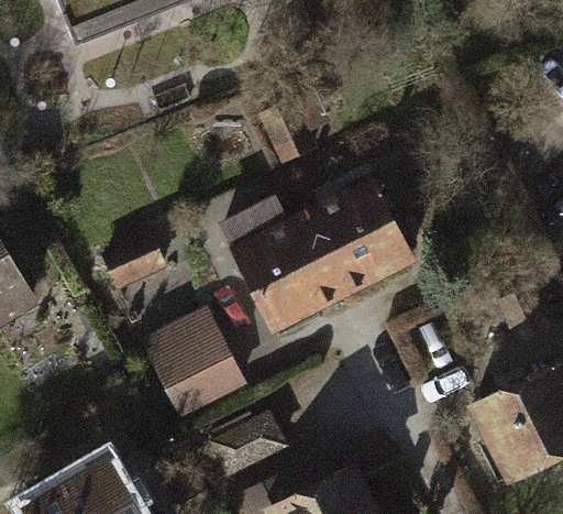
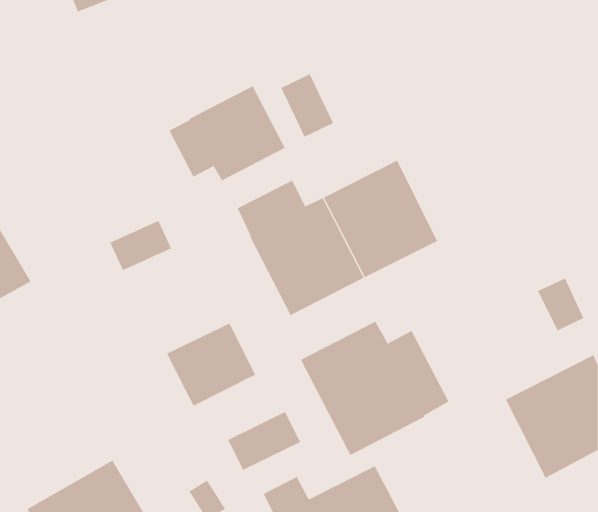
building: none -> [169,86,286,181]
building: none -> [300,321,449,456]

